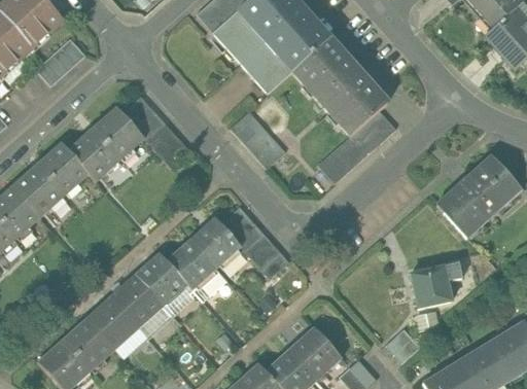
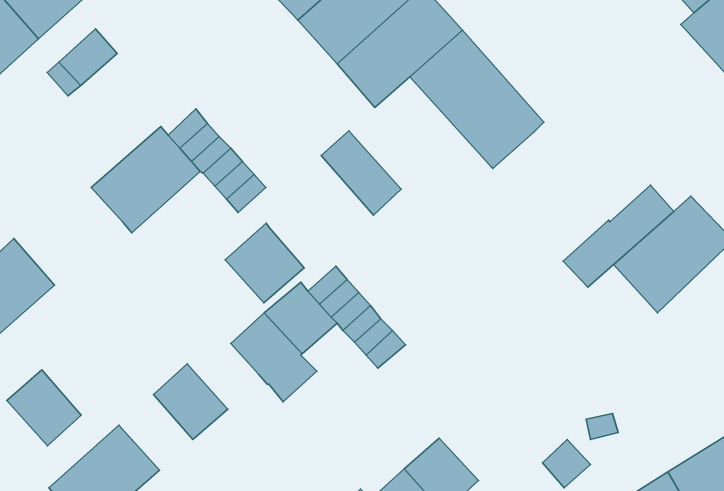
building: [318,110,396,182] -> [563,185,674,287]
building: [12,142,90,218] -> none
building: none -> [225,223,304,303]
building: [135,252,185,303] -> none
building: [412,262,461,307] -> none
building: [86,295,139,349] -> [7,370,81,446]

